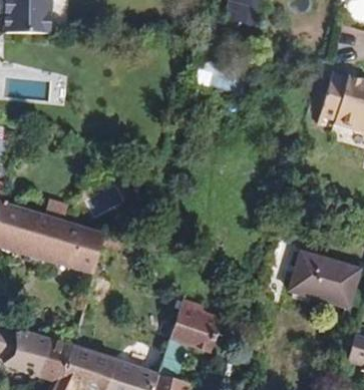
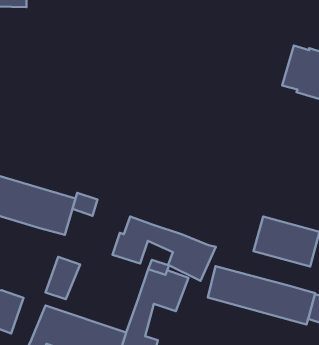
building: none -> [112,216,216,281]
building: none -> [208,266,315,324]
building: [36,338,72,382] -> [46,257,80,299]

